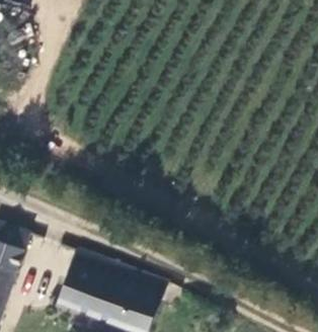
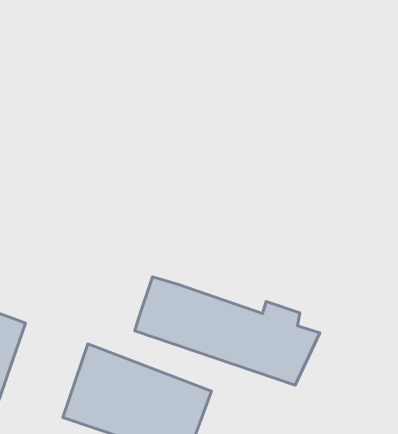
building: none -> [135,277,320,385]

